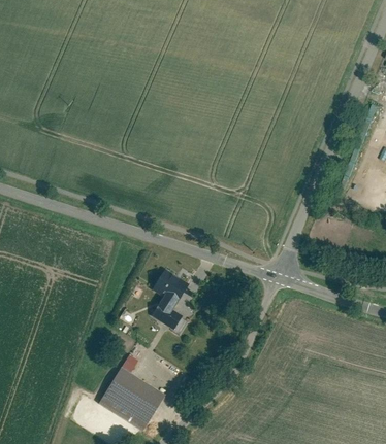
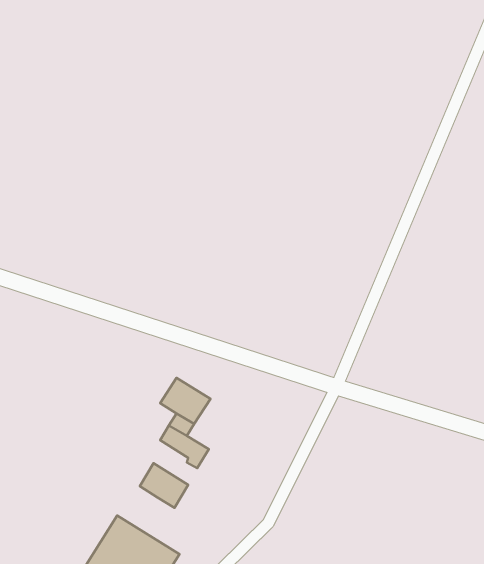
building: none -> [140,463,188,508]

